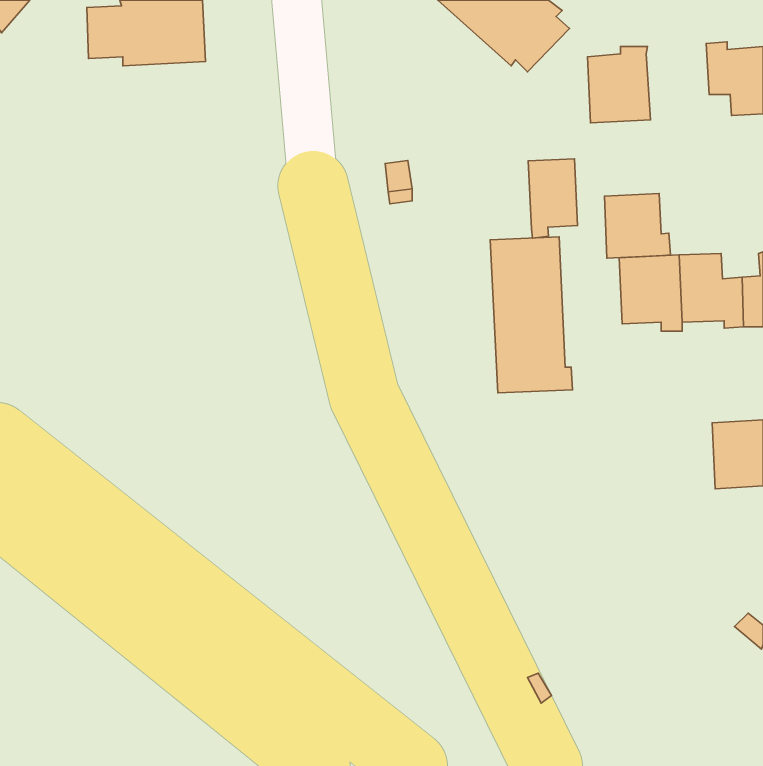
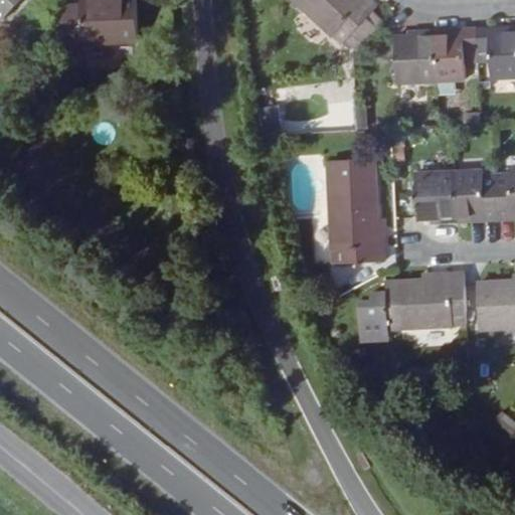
building: none -> [434,29,476,80]
building: [528,159,578,238] -> none
building: [604,194,671,258] -> none
building: none -> [359,275,467,339]

